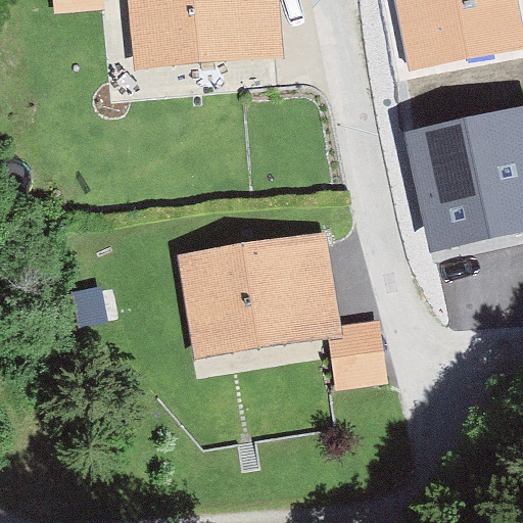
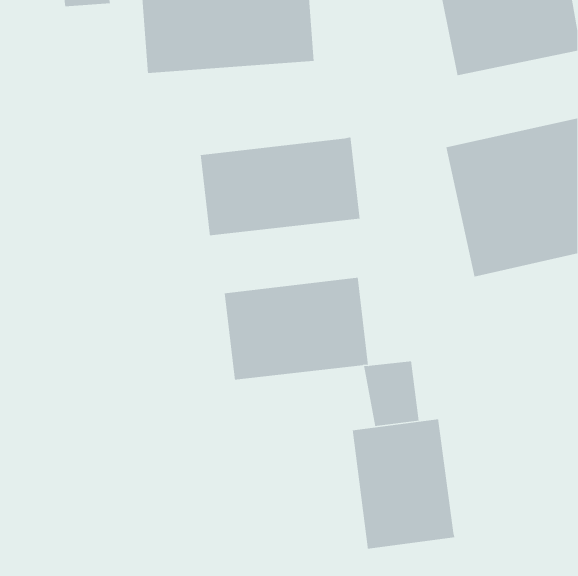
building: none -> [200,136,360,236]
building: none -> [352,418,455,549]

